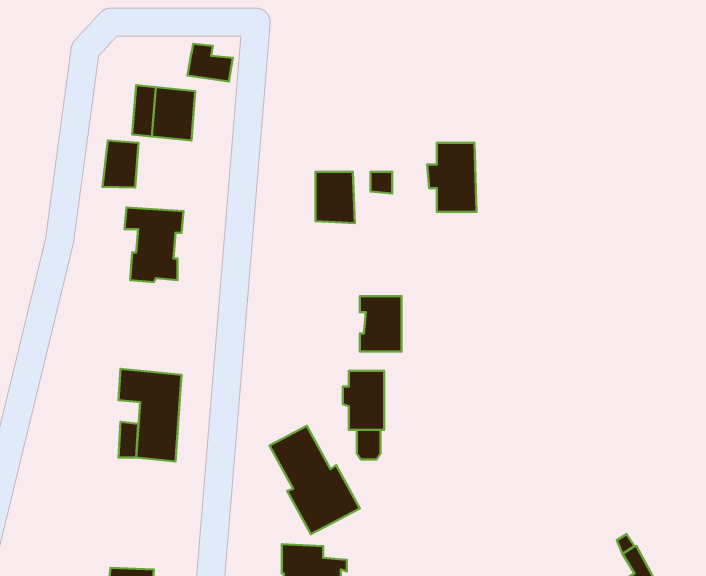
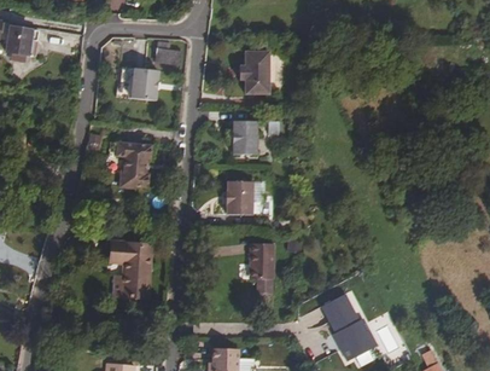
building: [102,140,139,188] -> none
building: [427,143,476,212] -> [239,52,269,94]
building: [360,296,401,351] -> [227,181,252,215]
building: [269,426,360,534] -> [321,294,377,360]

